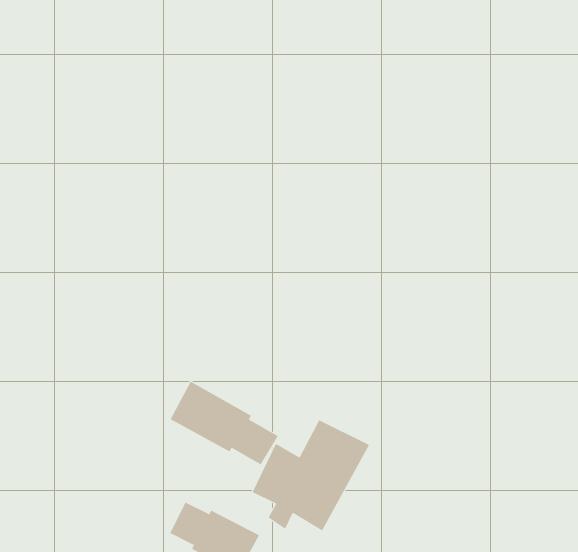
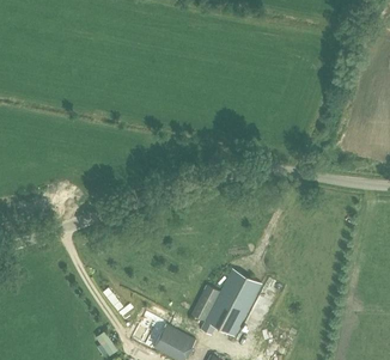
building: [170,381,279,465] -> none

